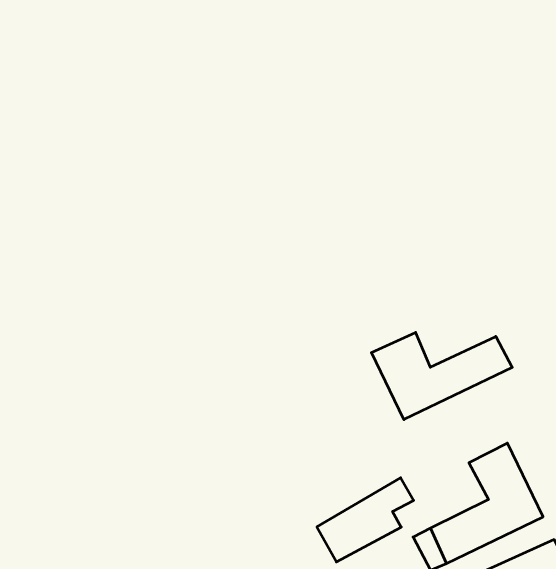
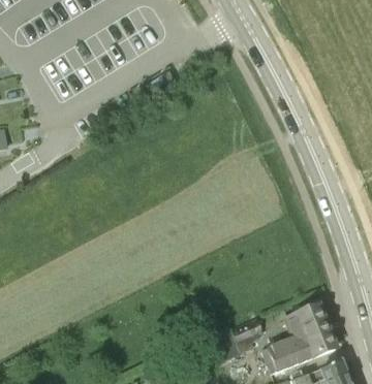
building: [371,332,512,420] -> none

